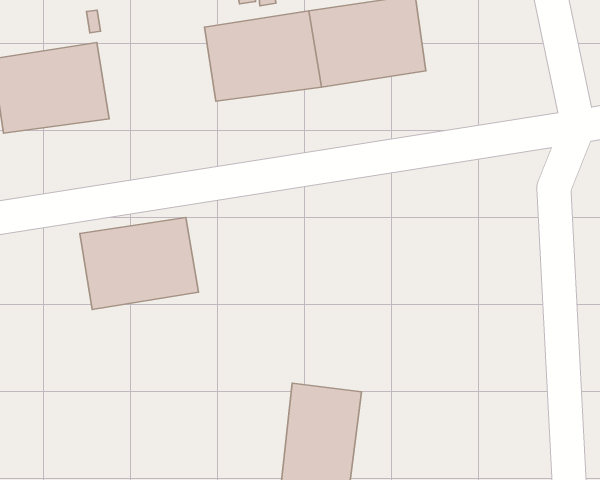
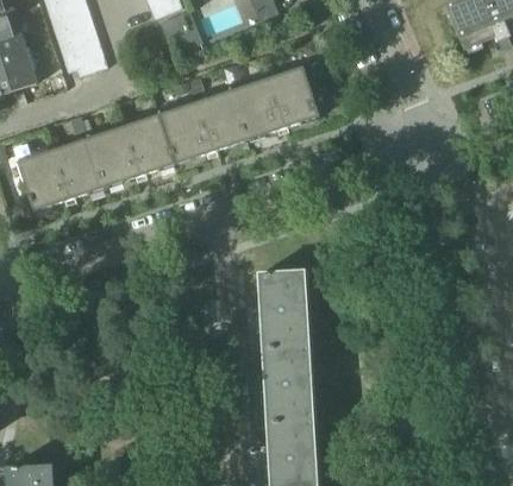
building: [80,217,199,310] -> [85,114,174,189]
building: none -> [257,270,309,349]

